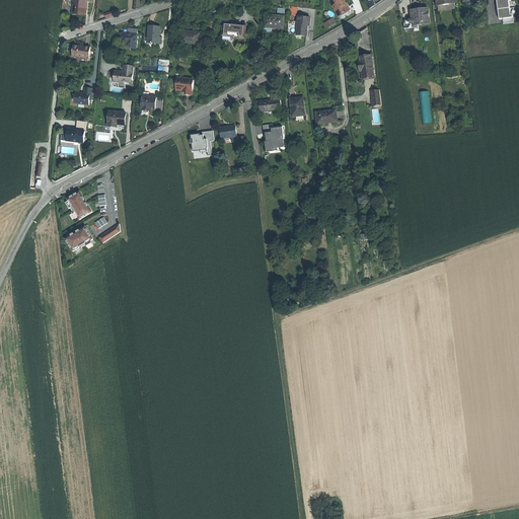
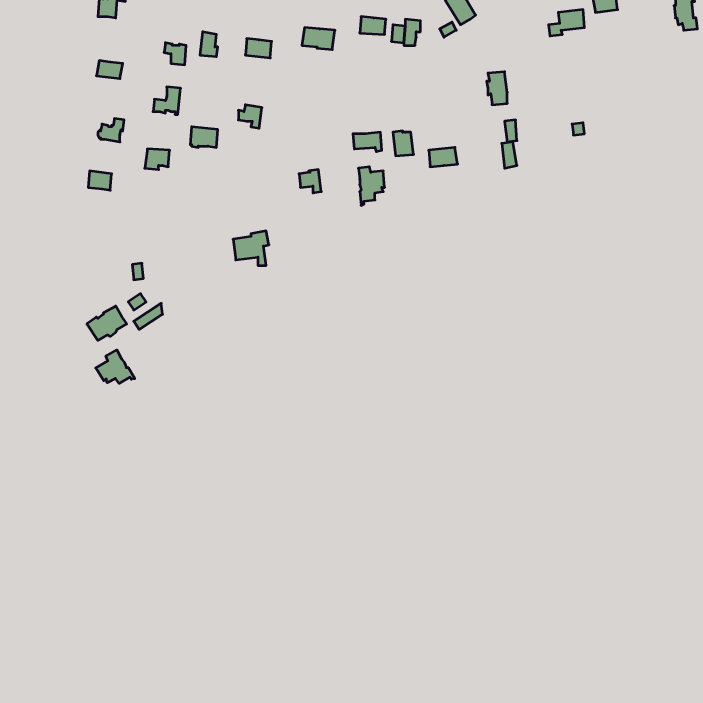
building: [189,129,215,154] -> [233,231,269,265]
building: [67,191,92,219] -> none
building: none -> [96,350,135,383]

